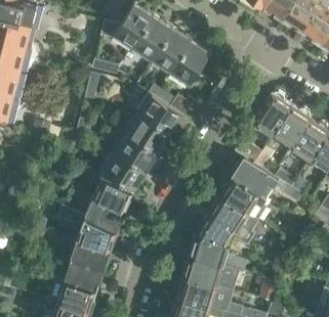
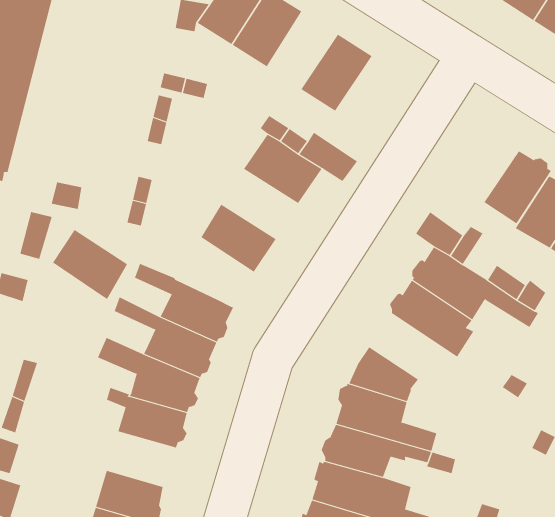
building: [153,29,192,72] -> none
building: [254,93,292,134] -> none
building: [127,116,170,154] -> none
building: [104,153,146,192] -> [52,229,128,299]
building: [209,195,259,245] -> none
building: [48,261,104,291] -> none

